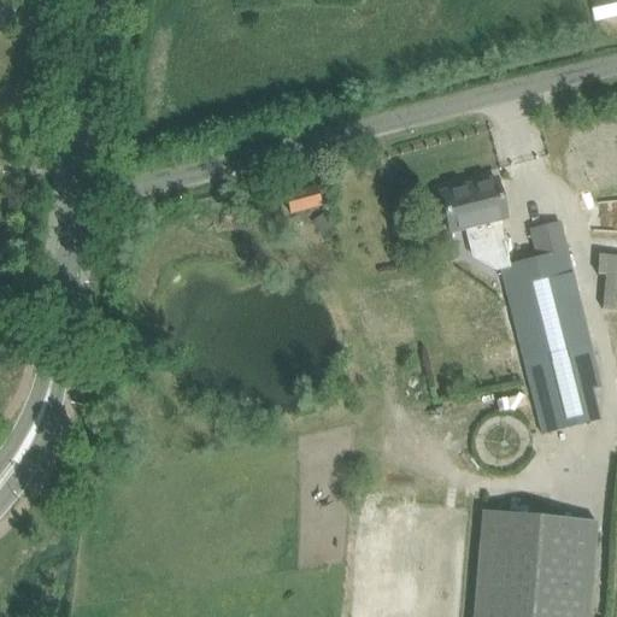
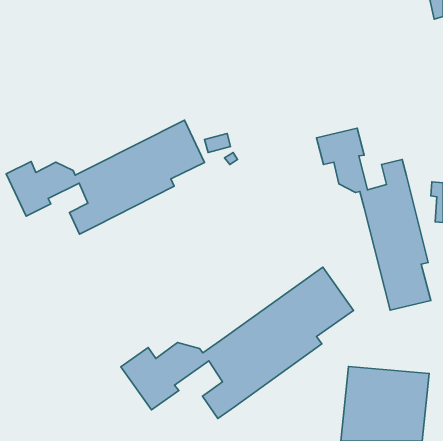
building: none -> [6,120,204,234]
building: none -> [121,267,354,418]

